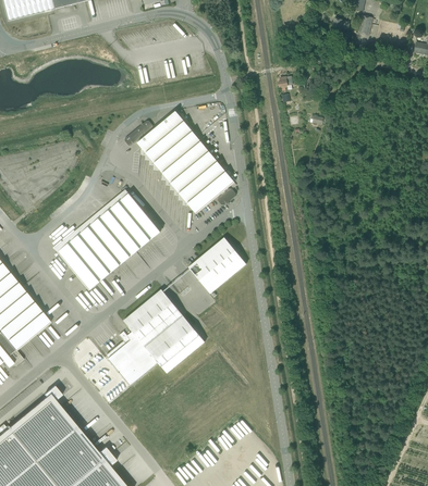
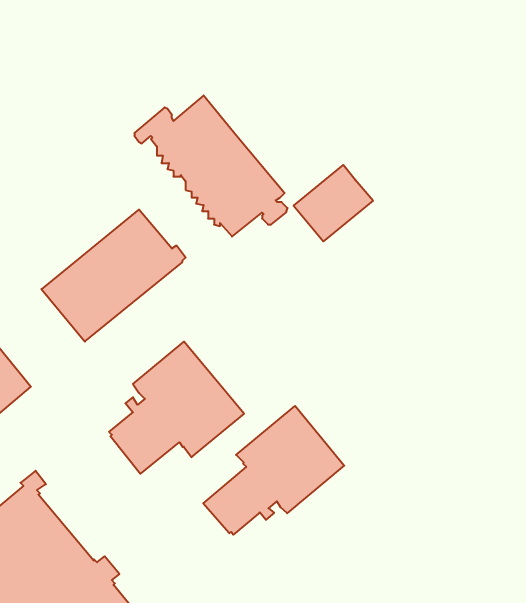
building: [188,237,246,292] -> [294,165,373,241]
building: none -> [203,406,344,535]

